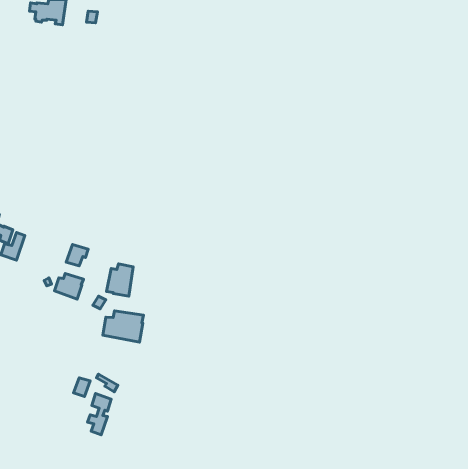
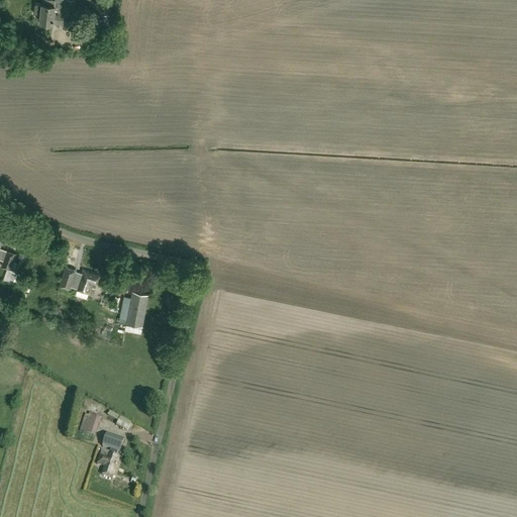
building: [55,274,83,299] -> none
building: [103,311,144,342] -> none

